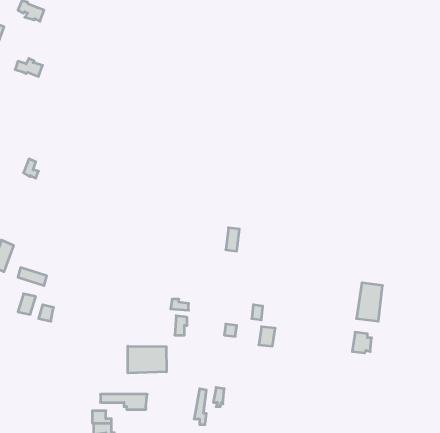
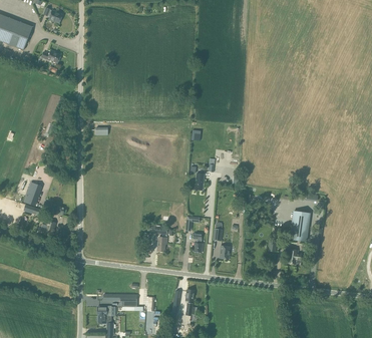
building: [128,346,166,373] -> none

